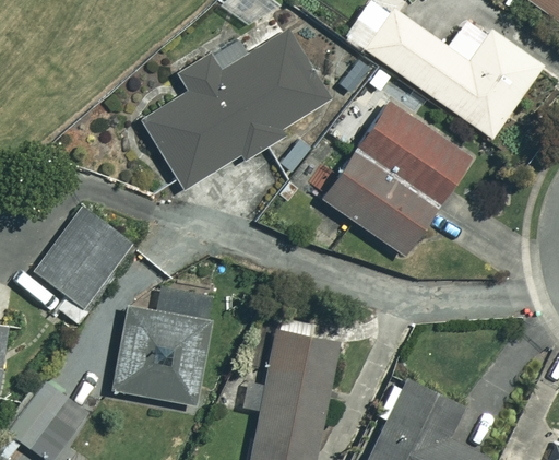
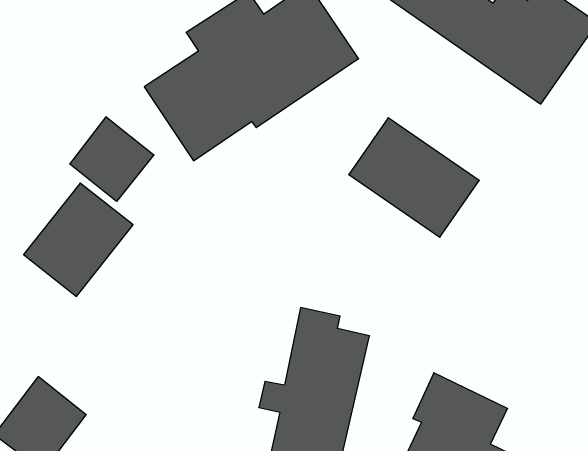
building: [357,103,471,205] -> none
building: none -> [70,117,154,201]
building: [112,288,216,406] -> none

